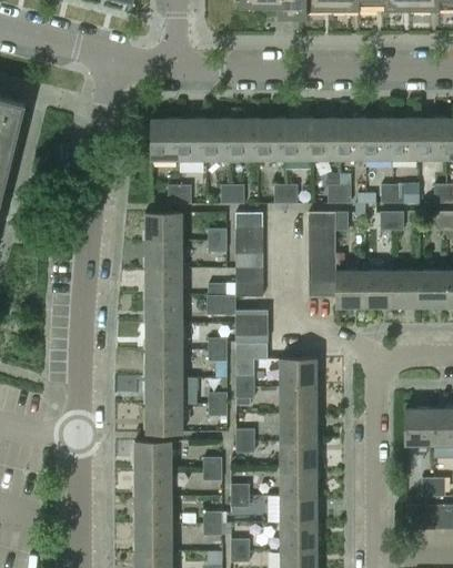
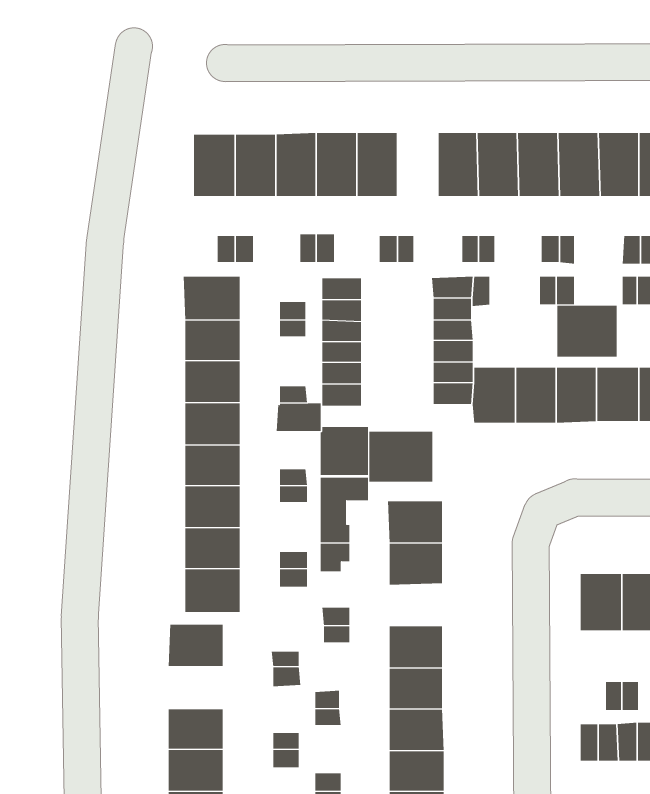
building: [285,118,312,160] -> none
building: none -> [557,305,617,358]
building: none -> [369,431,433,483]
building: [280,414,315,442] -> none
building: [134,468,171,496] -> none

